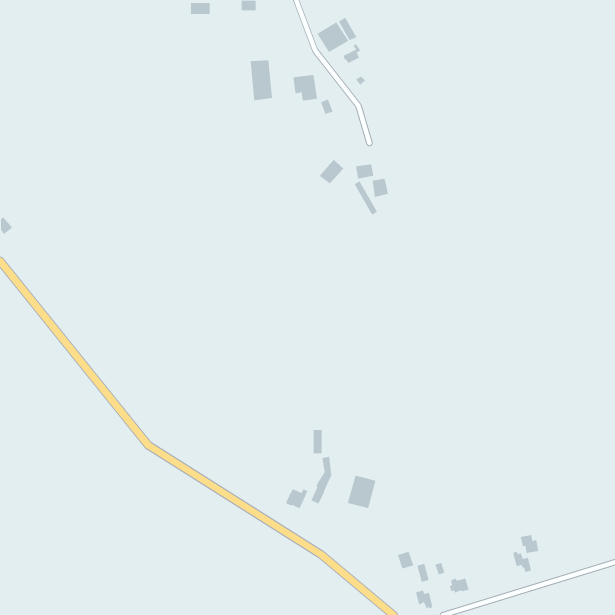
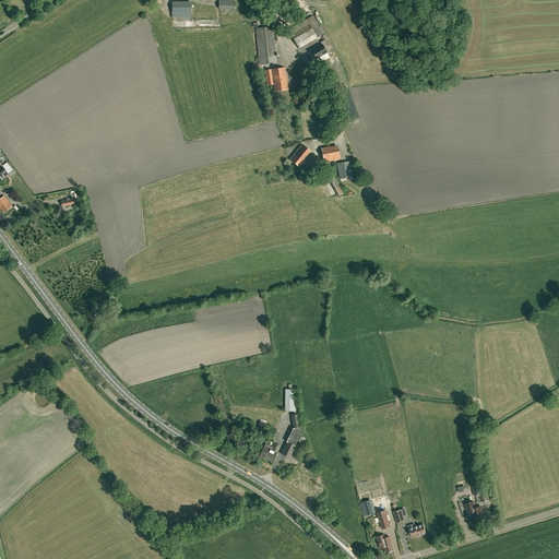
building: [250,60,273,101] -> [255,27,276,64]
building: [347,475,376,509] -> none

